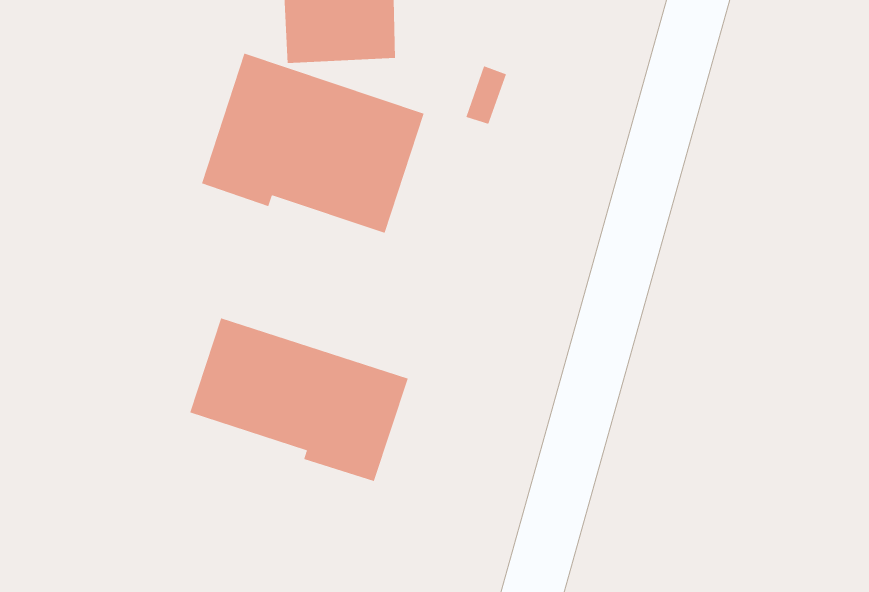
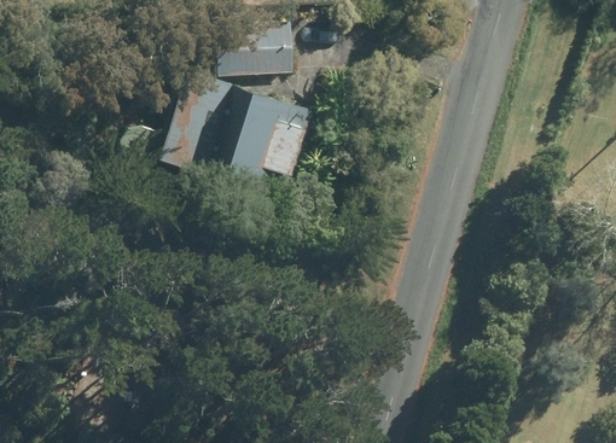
building: [190,317,408,482] -> none

